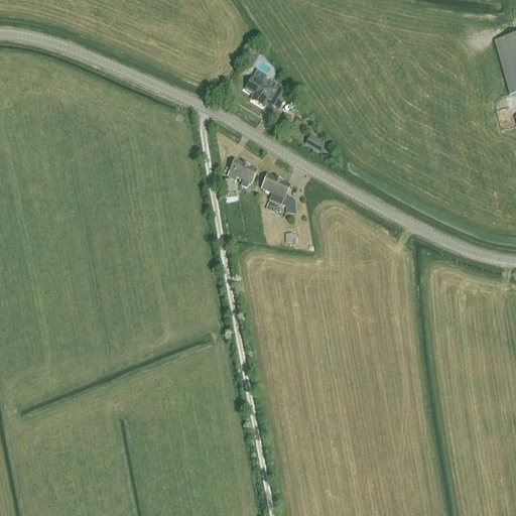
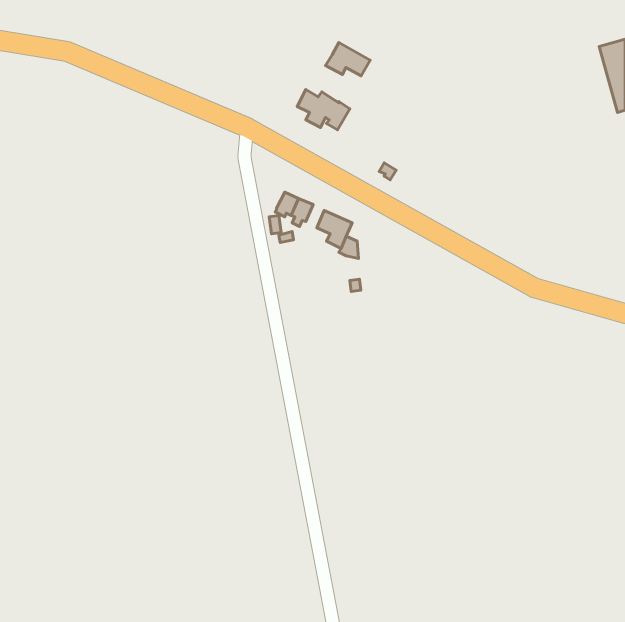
building: none -> [325,42,370,76]

